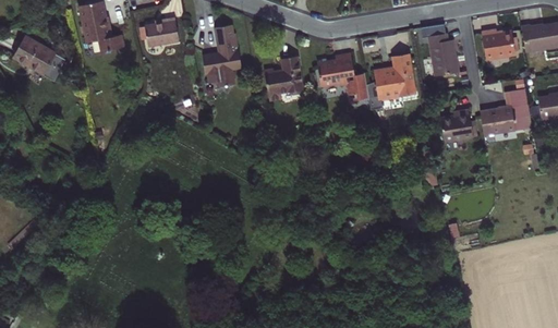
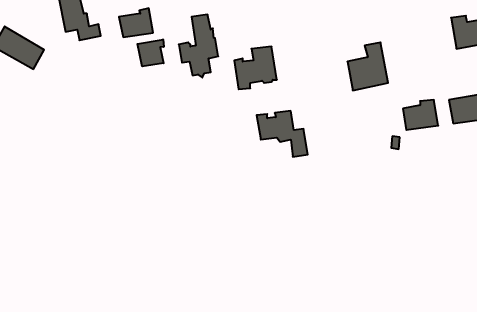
building: [428,33,458,71] -> none
building: none -> [137,39,164,66]
building: [314,52,366,99] -> [257,111,308,157]

